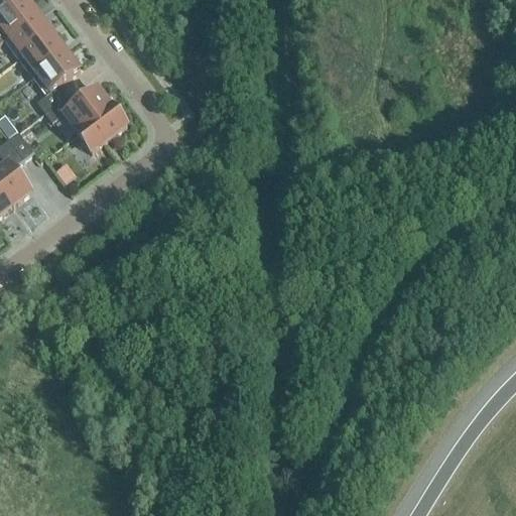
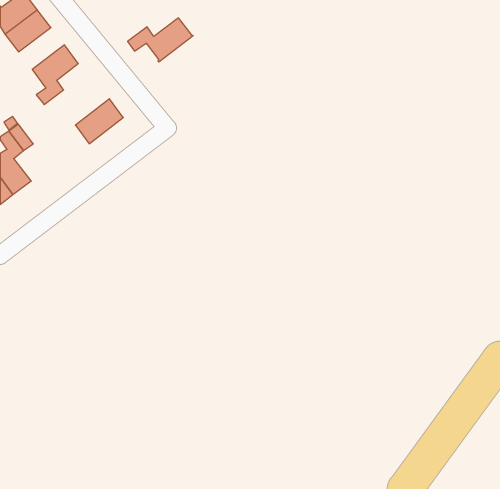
building: [19,28,67,72] -> none
building: [45,84,113,129] -> [128,18,193,62]

